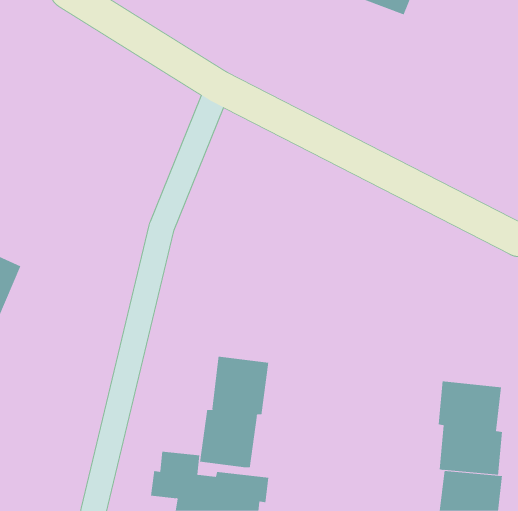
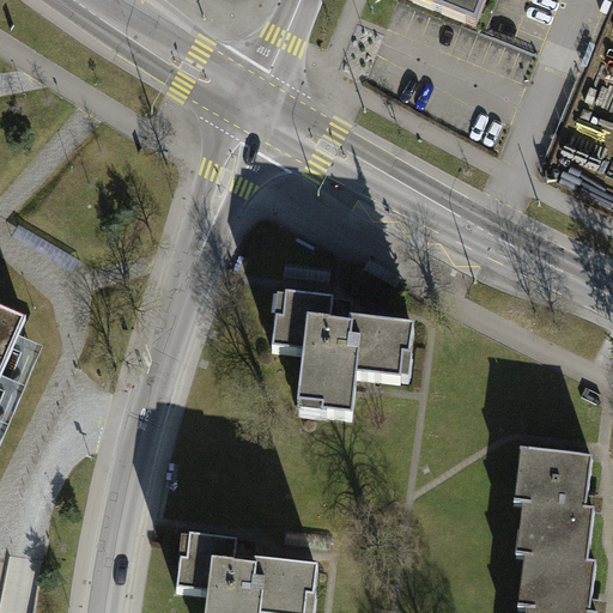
building: none -> [267,293,411,420]
building: [200,356,269,468] -> none

